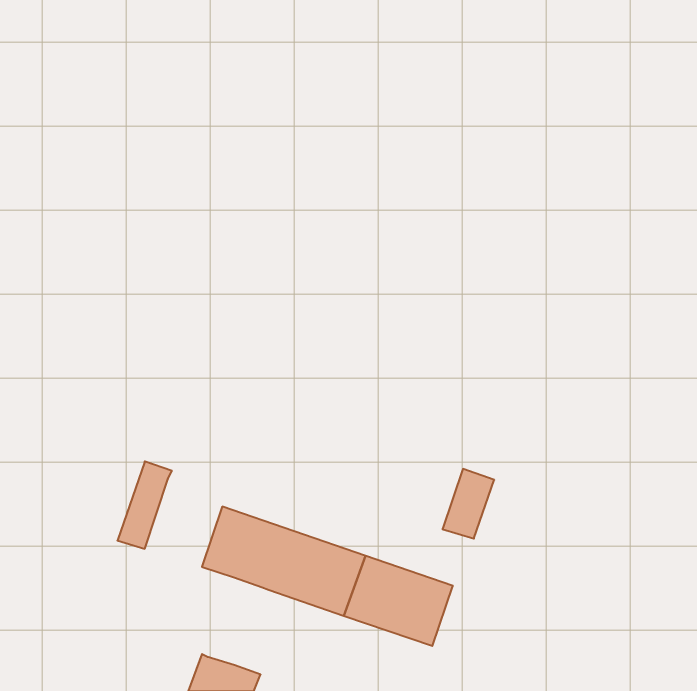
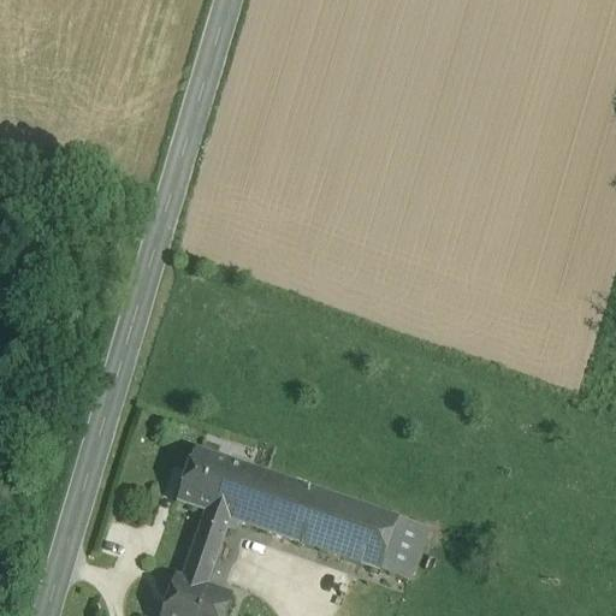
building: [117,461,172,549] -> [183,509,231,586]
building: [442,469,494,539] -> [381,516,427,578]

